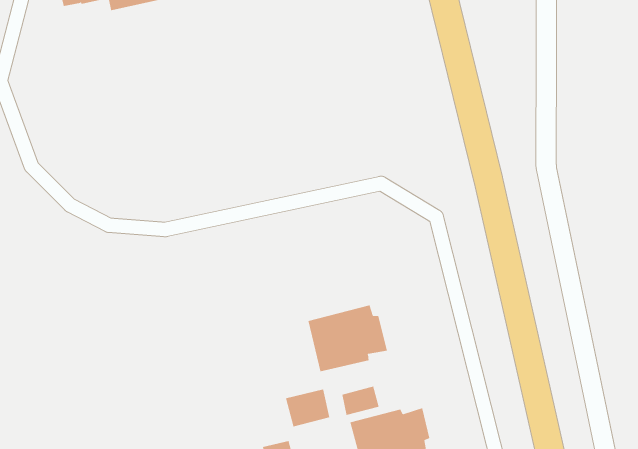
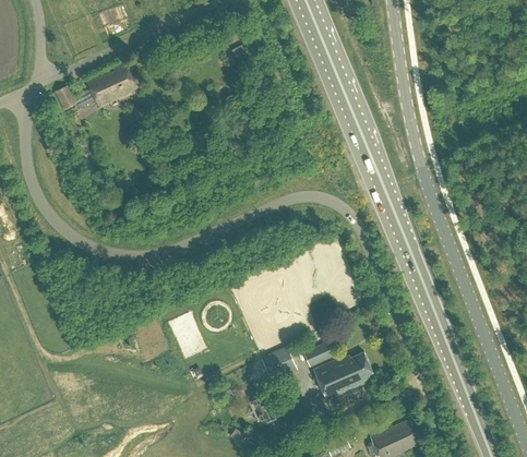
building: [308,304,388,372] -> none

